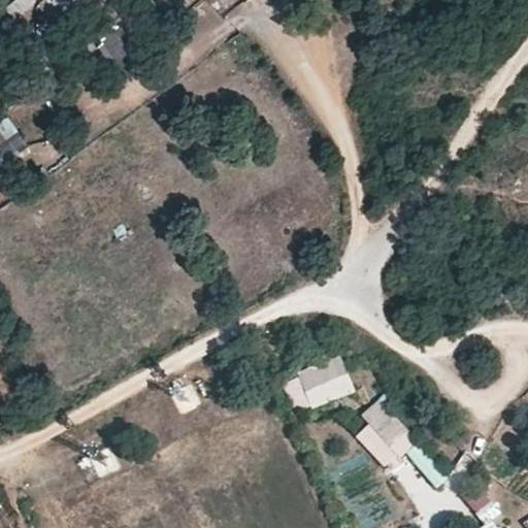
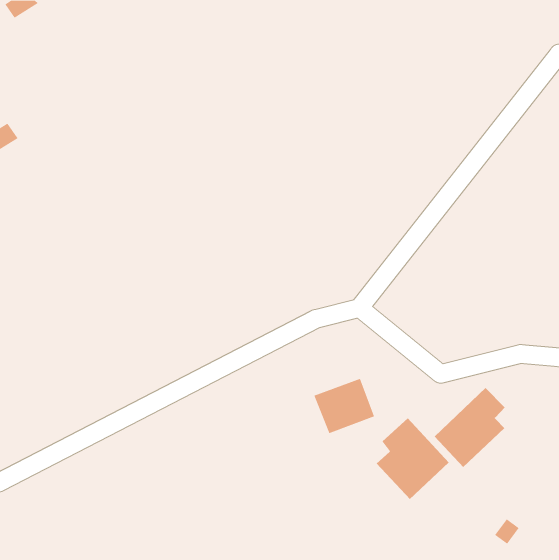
building: none -> [434,387,505,468]

